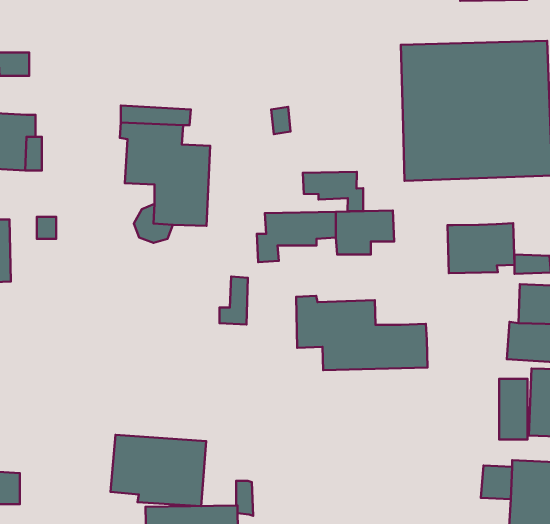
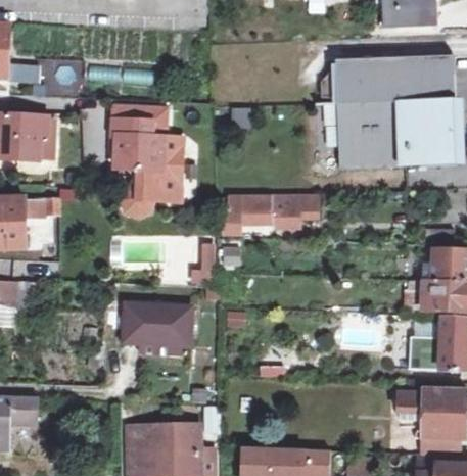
building: [303,172,363,211] -> none
building: [448,223,515,273] -> none
building: [296,296,427,370] -> none
building: [110,435,206,506] -> [124,296,199,352]

